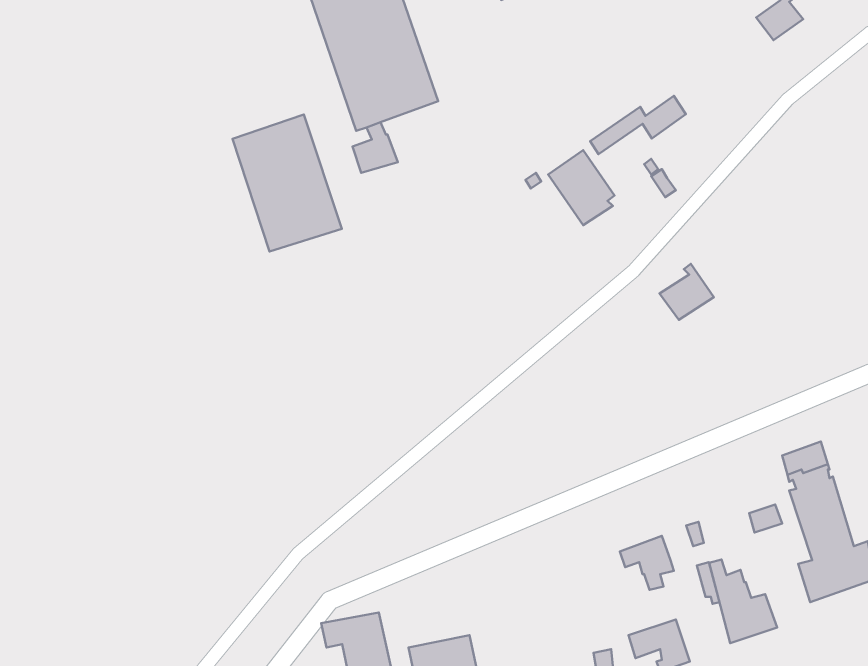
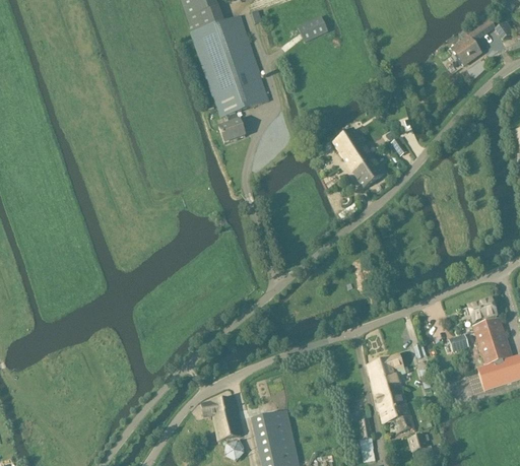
building: [590,96,686,154] -> none
building: [232,114,342,252] -> none
building: [660,264,714,320] -> [352,154,384,187]
building: [709,559,777,643] -> [367,361,406,410]

